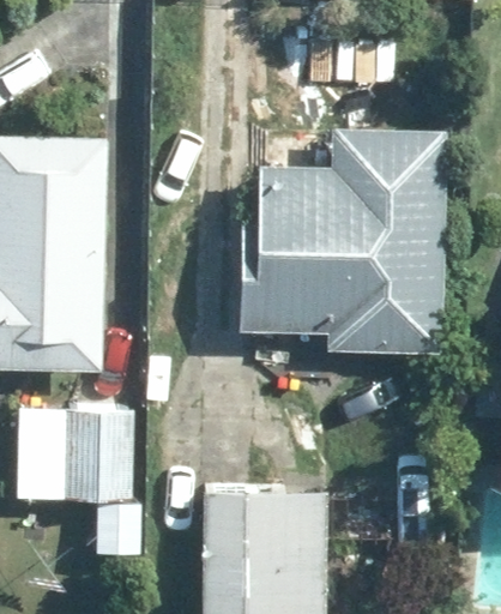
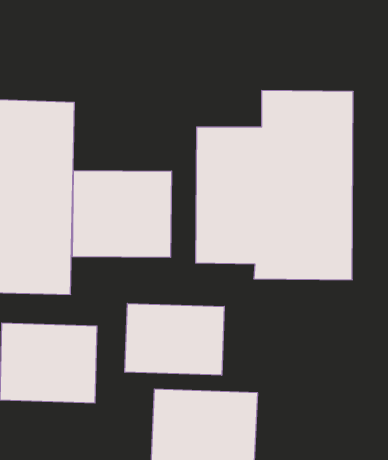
building: none -> [72,170,172,257]
building: none -> [125,303,224,375]

